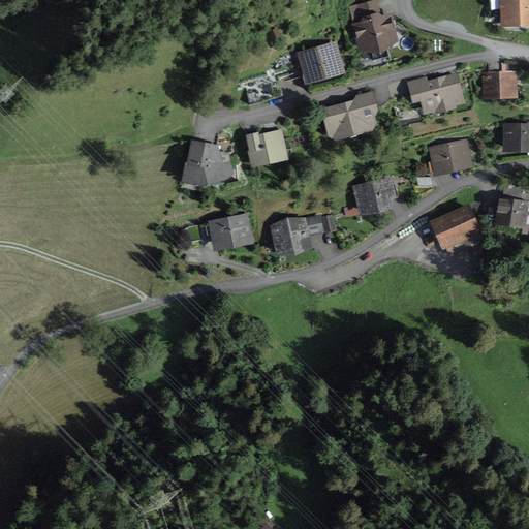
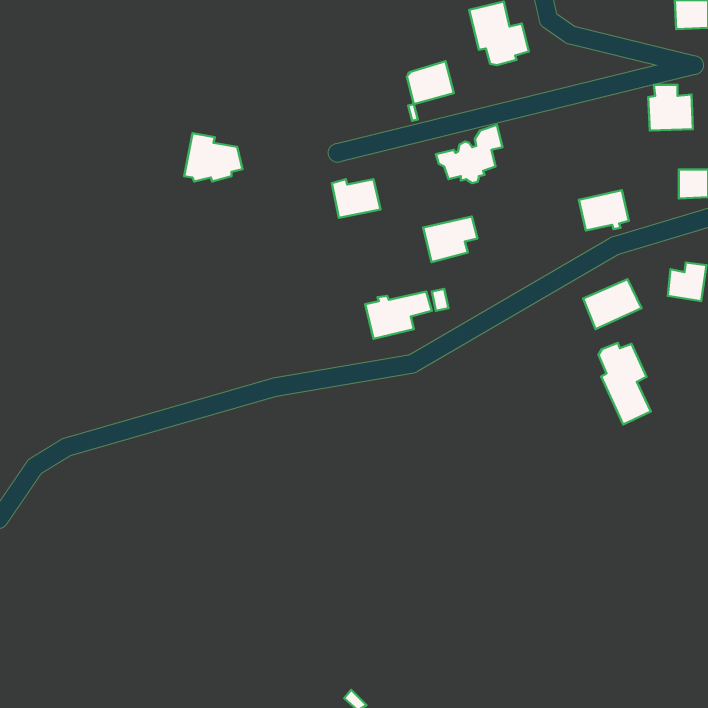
building: [408,77,461,112] -> none
building: [185,145,228,181] -> [184,133,243,182]
building: [355,180,396,214] -> [423,216,477,262]
building: [212,218,247,246] -> none
building: none -> [598,343,651,424]

